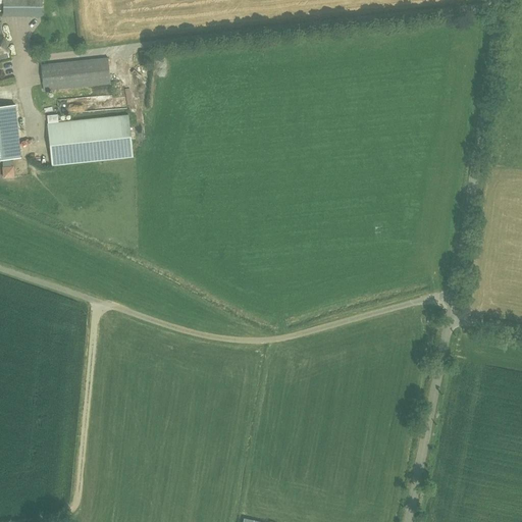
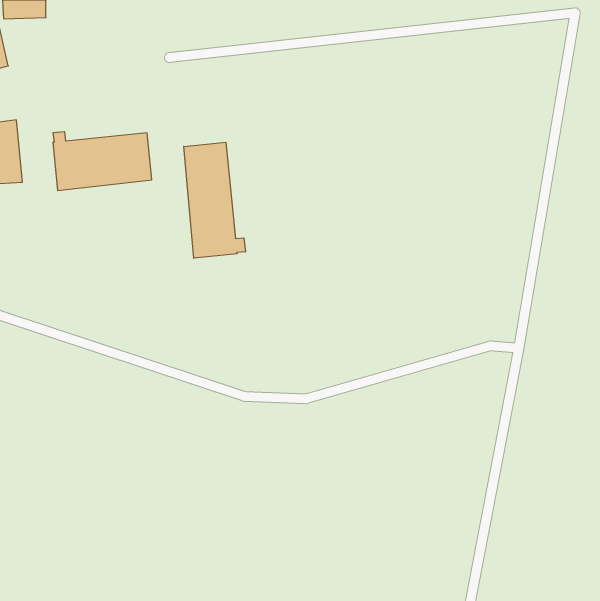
building: [40,58,109,90] -> none
building: none -> [184,142,245,258]

